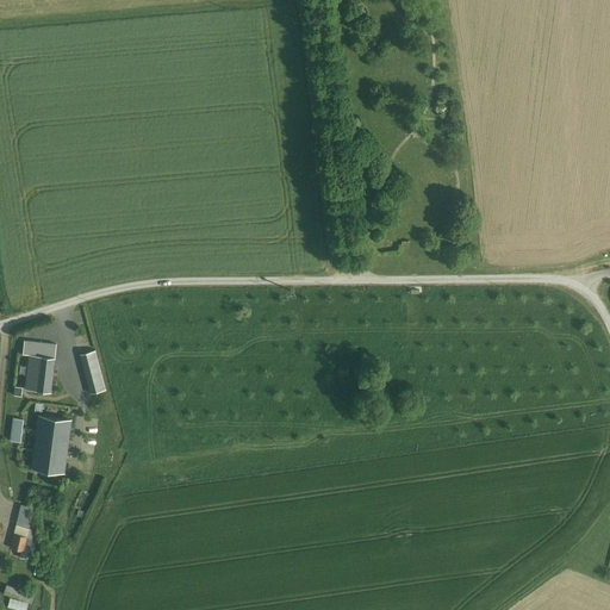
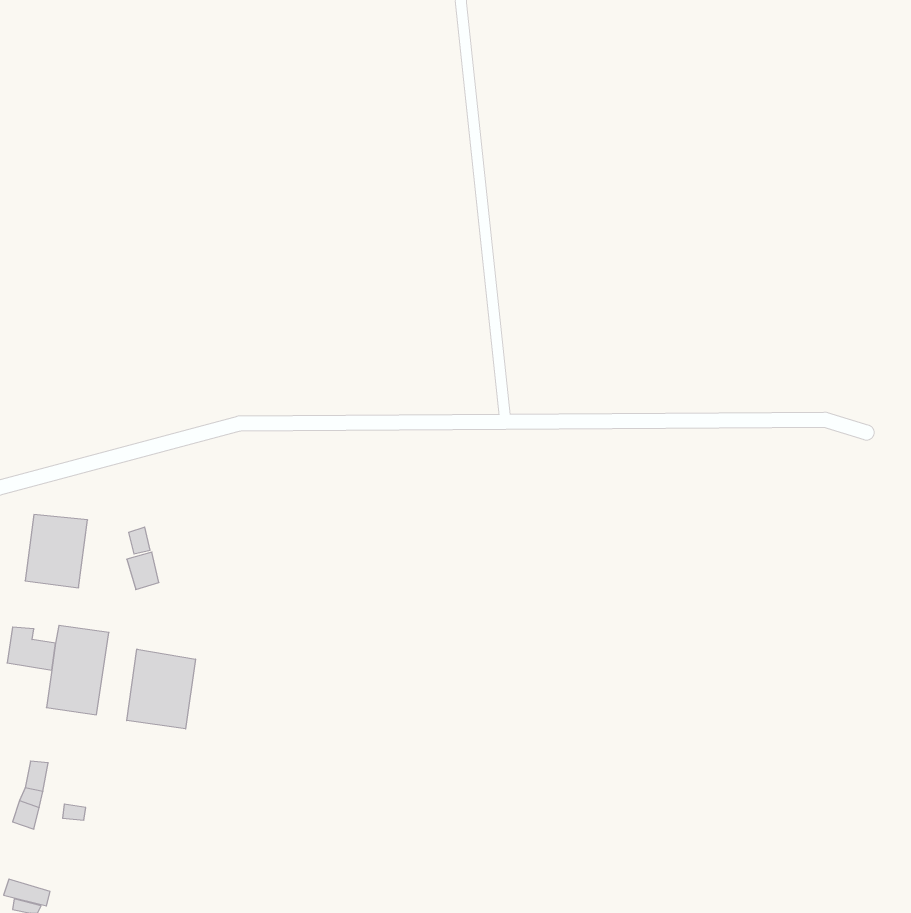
building: none -> [127,649,195,729]

